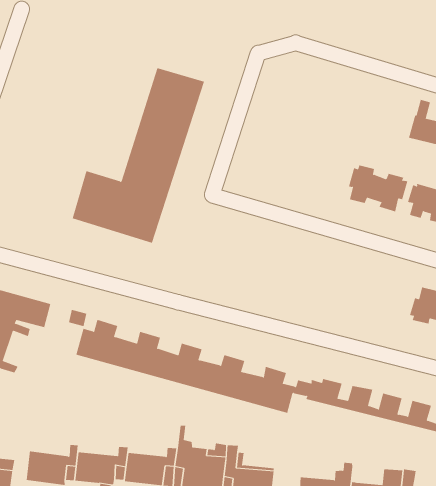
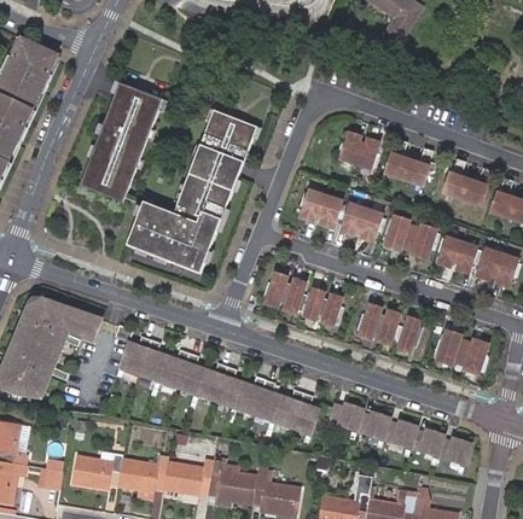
building: none -> [82,83,163,198]
building: none -> [337,130,379,167]
building: none -> [384,136,431,183]
building: none -> [301,188,382,239]
building: none -> [261,270,342,325]
building: none -> [355,304,420,350]

